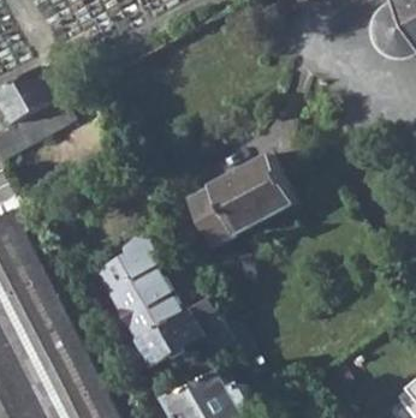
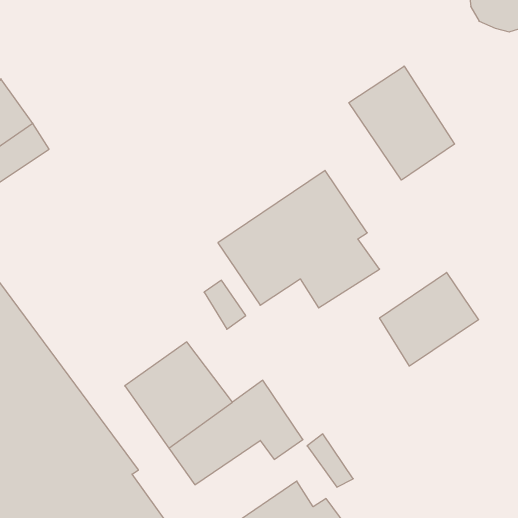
building: none -> [349,66,455,180]
building: none -> [380,272,479,366]
building: [96,241,155,289] -> none

